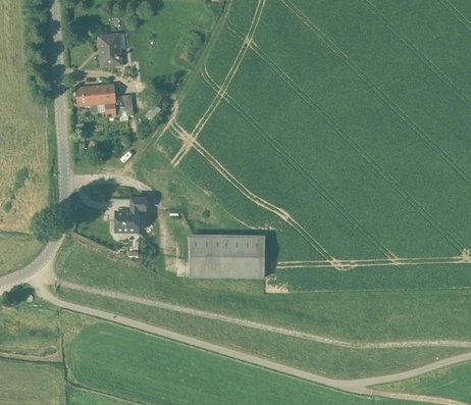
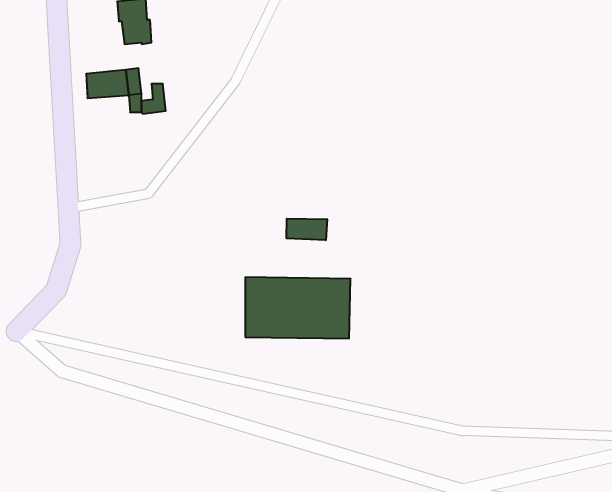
building: none -> [287,219,327,240]
building: [114,197,147,233] -> none

